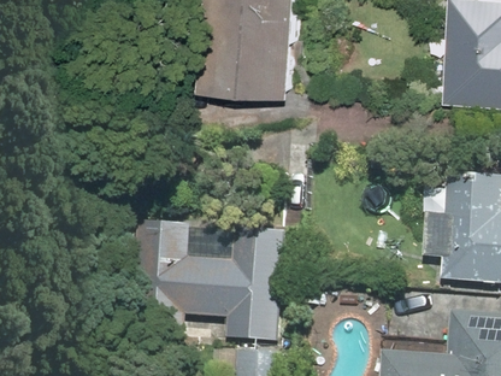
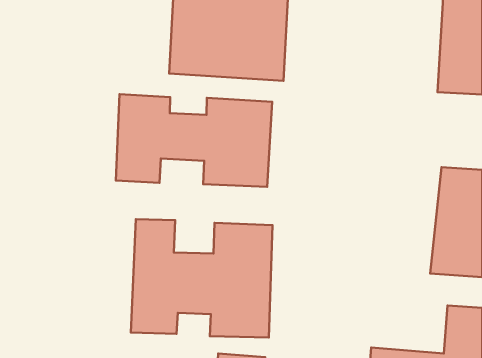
building: none -> [116,94,272,187]

